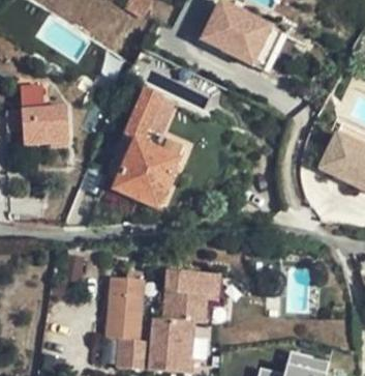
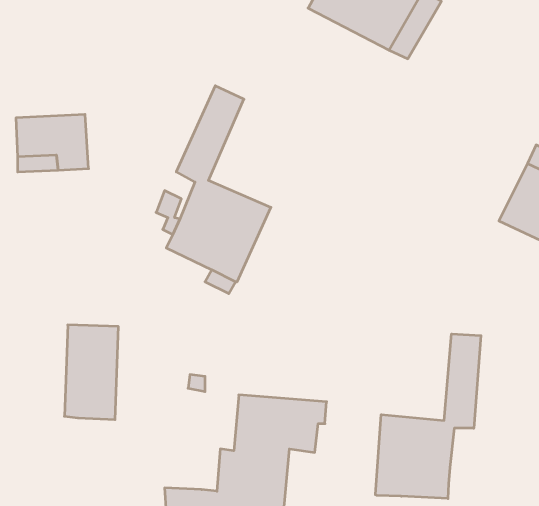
building: [141,95,186,162] -> none
building: none -> [375,334,481,499]
building: [105,277,139,335] -> [64,325,118,420]

